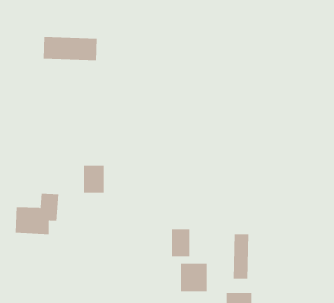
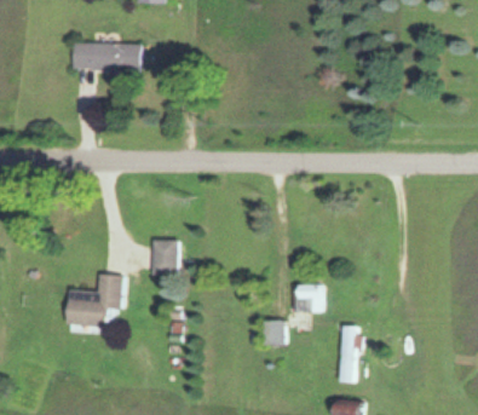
building: [43,37,98,61] -> [71,41,140,71]
building: none -> [295,283,326,311]
building: [180,263,207,292] -> none

